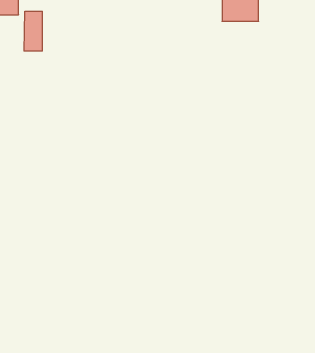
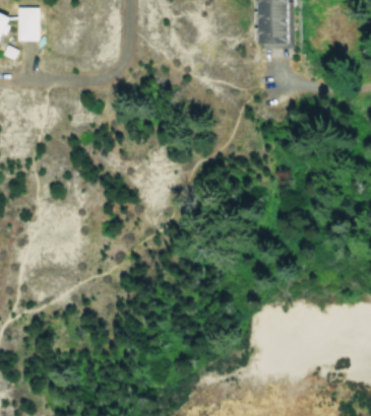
building: [24,11,42,51] -> none

